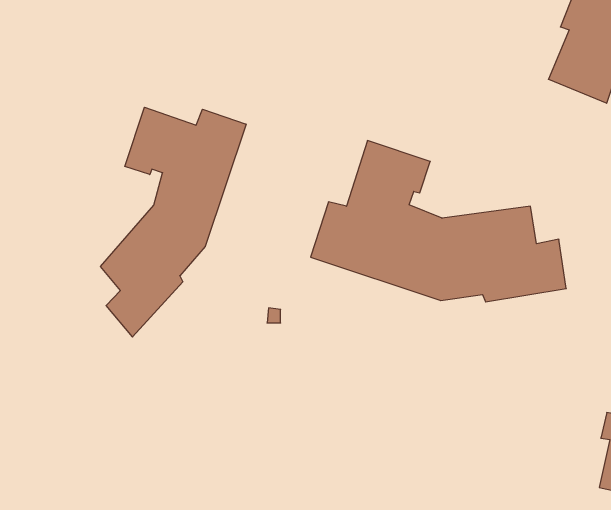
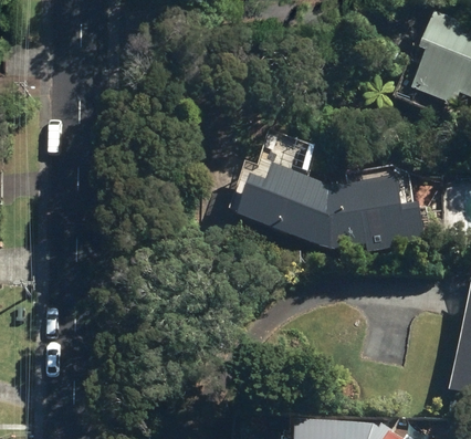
building: [101,107,246,337] -> none

